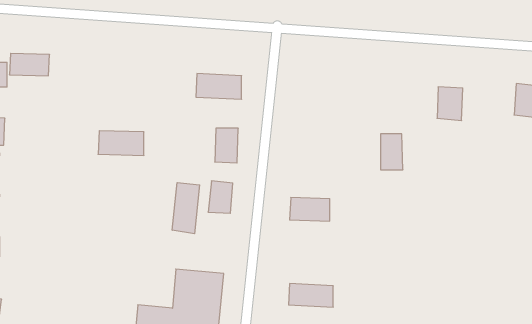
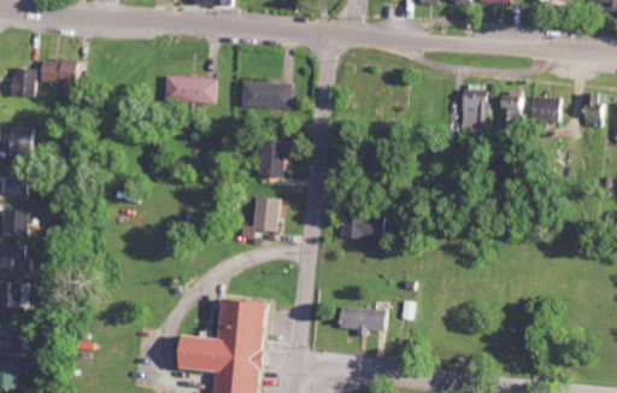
building: none -> [531,96,563,121]
building: [98,131,144,155] -> [163,76,212,102]
building: [381,134,403,170] -> [462,88,486,127]
building: [172,183,200,234] -> none

